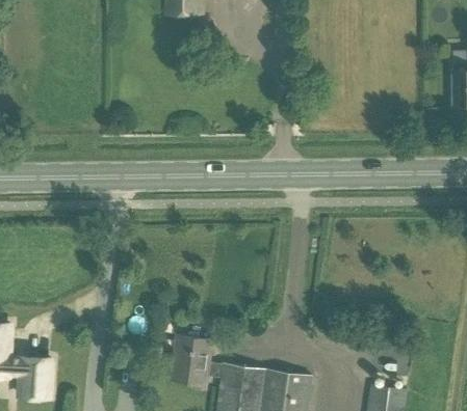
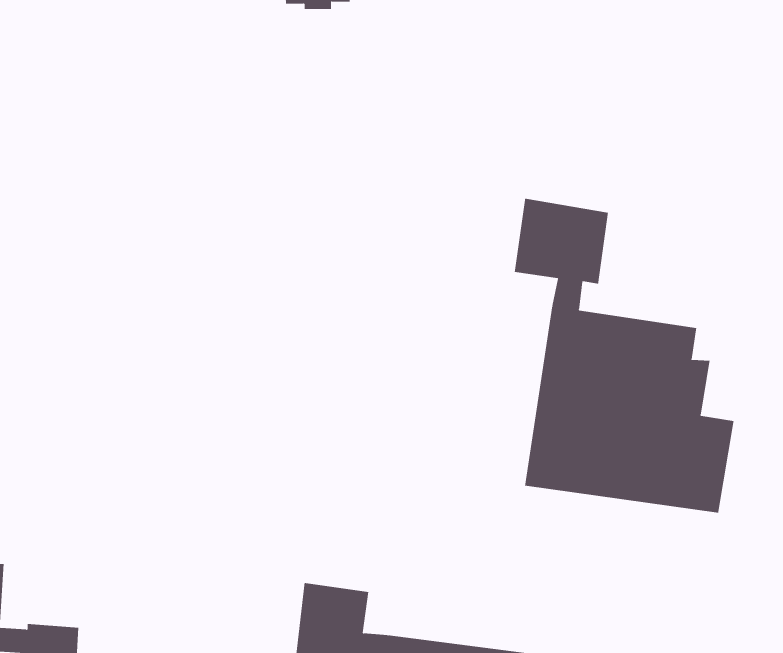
building: none -> [514,198,734,514]

